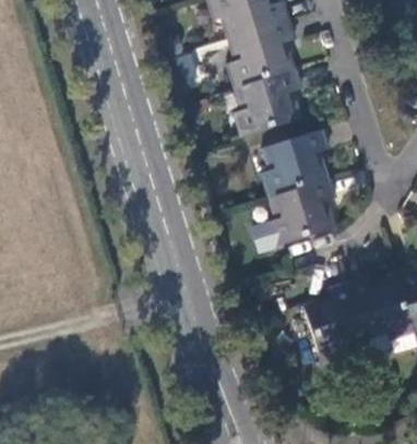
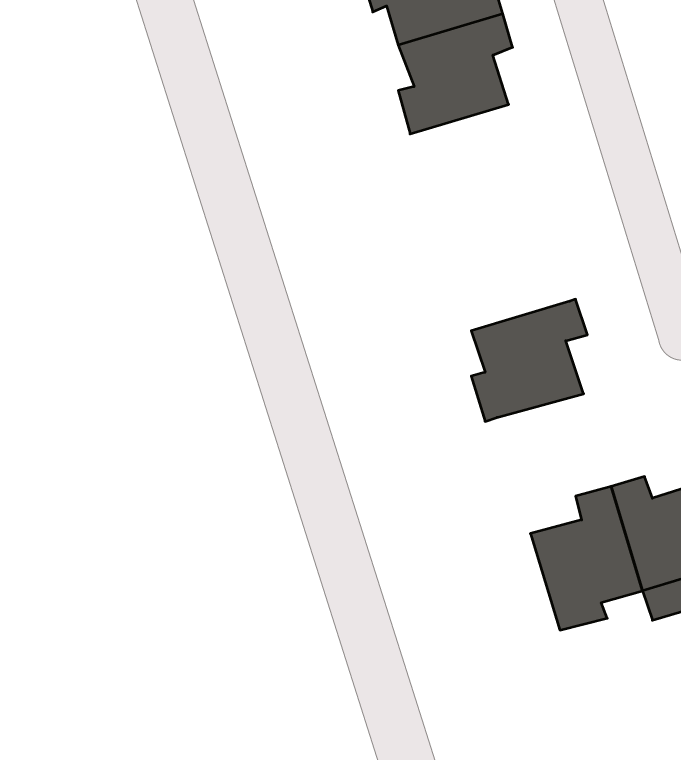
building: [236,70,300,136] -> none
building: [263,129,327,196] -> none

